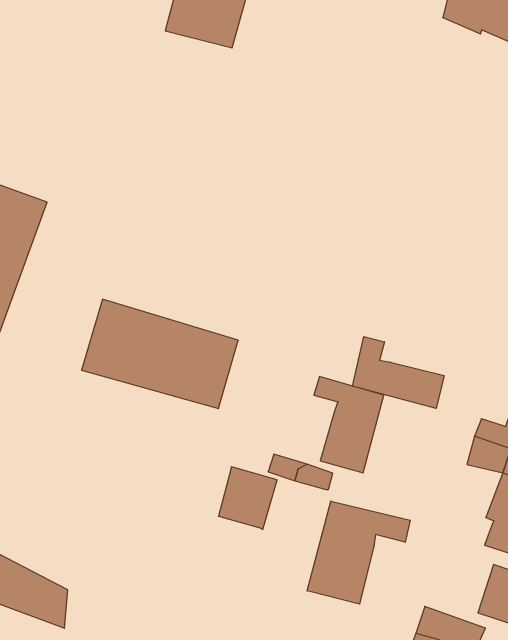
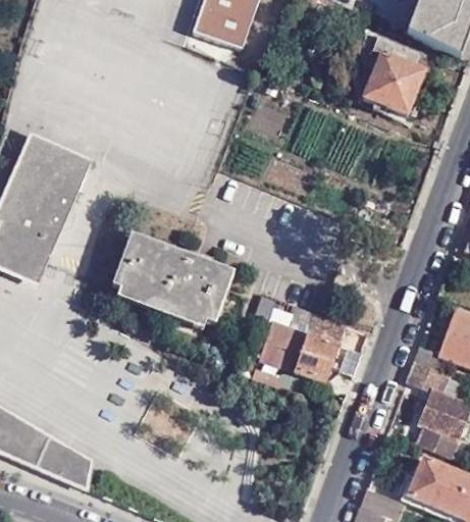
building: none -> [362,35,424,115]
building: [353,337,444,408] -> none
building: [218,467,277,529] -> [258,321,305,371]
building: [307,501,410,604] -> none

